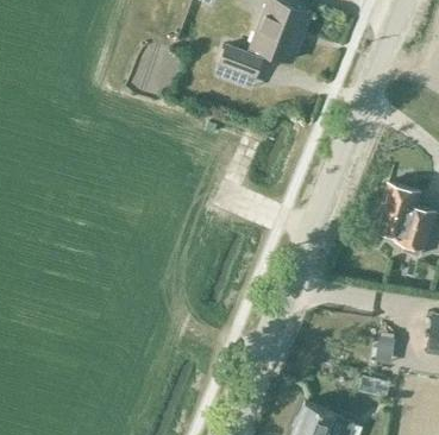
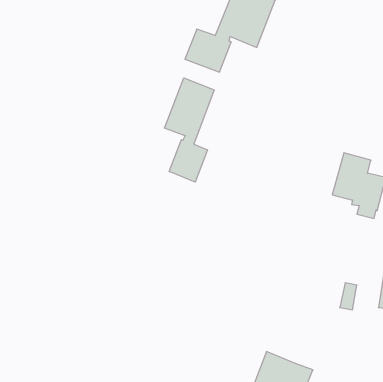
building: none -> [165,78,214,182]

